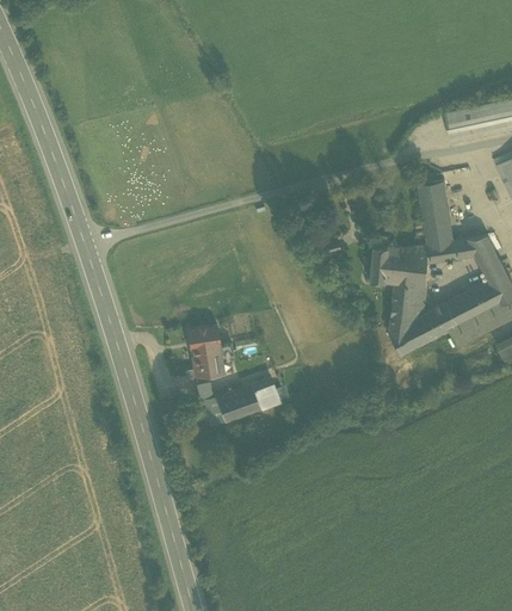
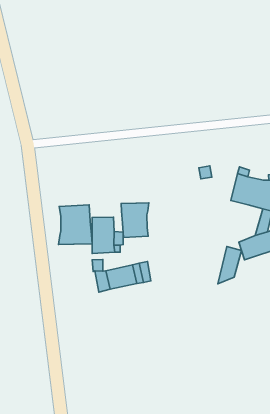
building: [388,282,413,333] -> [218,246,242,284]
building: none -> [121,203,149,237]
building: none -> [58,205,92,244]

